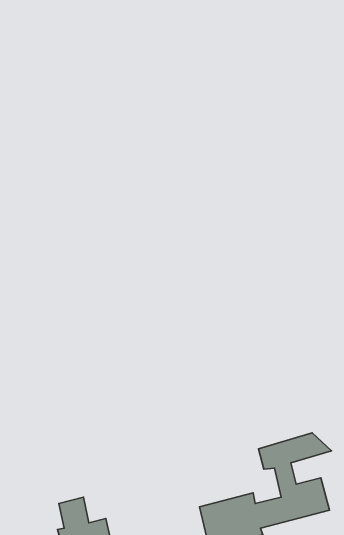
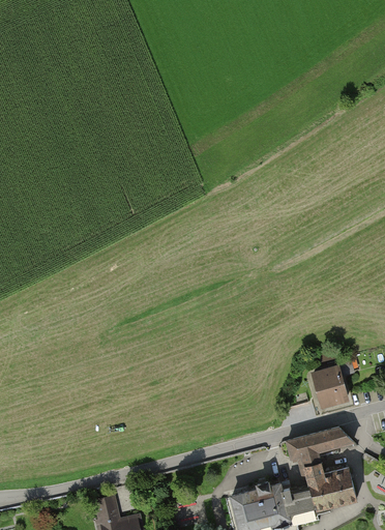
building: none -> [309,366,348,410]

